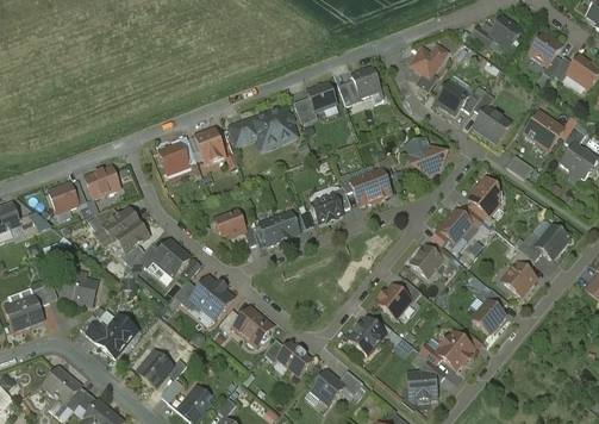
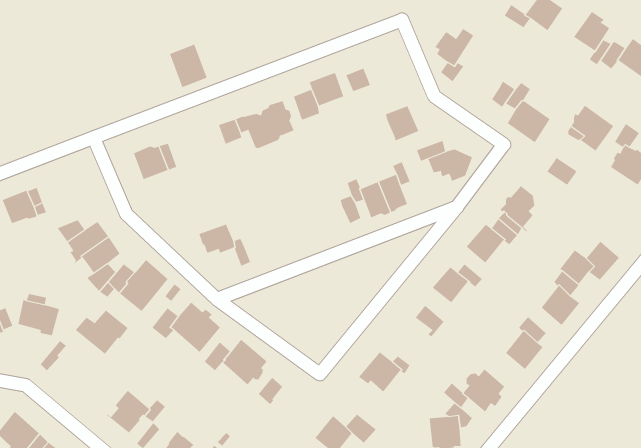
building: [352,68,381,98] -> [385,106,419,141]
building: [436,82,468,114] -> none
building: [194,127,226,164] -> [169,44,207,88]
building: [85,167,120,199] -> none
building: [312,195,343,223] -> none
building: [260,212,299,245] -> none
building: [379,286,411,318] -> none
building: [89,319,135,357] -> [75,310,128,355]
building: [277,343,312,376] -> none

